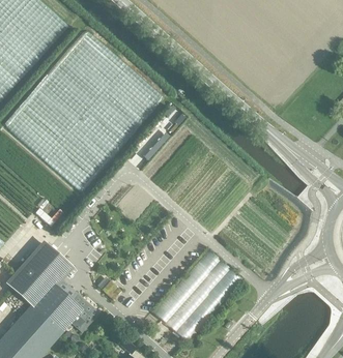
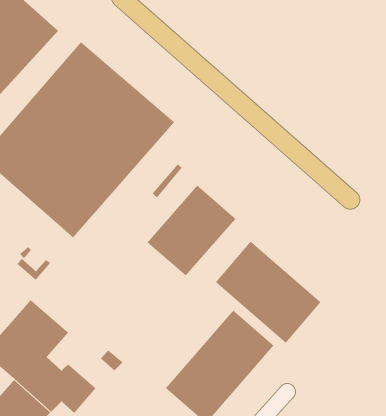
building: none -> [146,185,236,277]
building: none -> [215,240,322,344]

